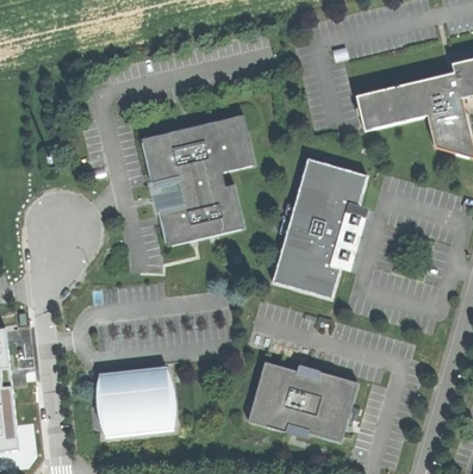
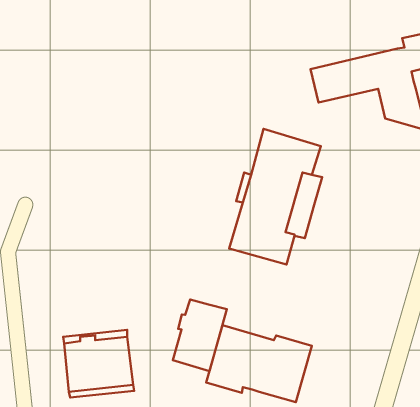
building: [142,114,255,245] -> none
building: none -> [173,300,227,371]

